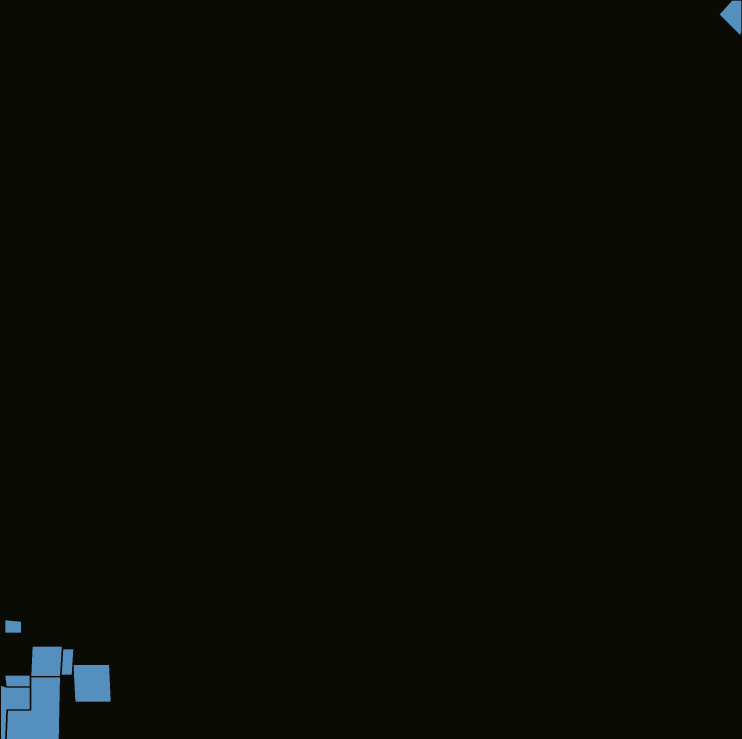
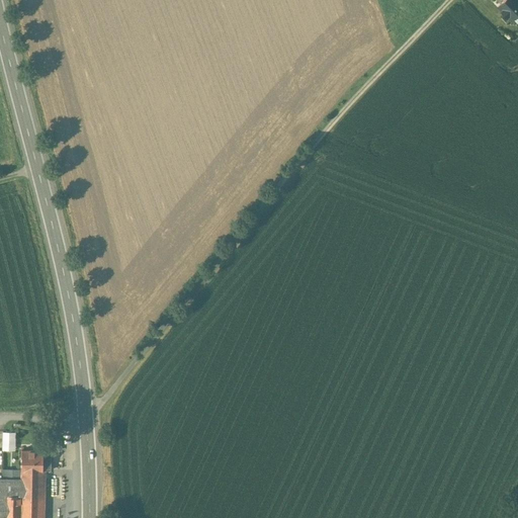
building: [73,664,111,703] -> none

